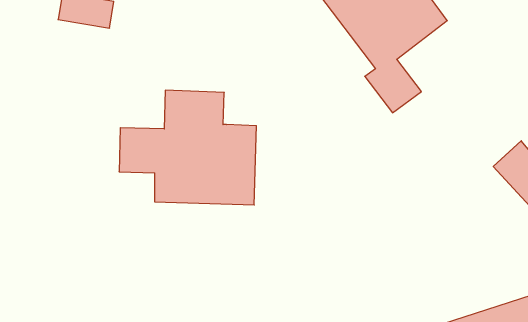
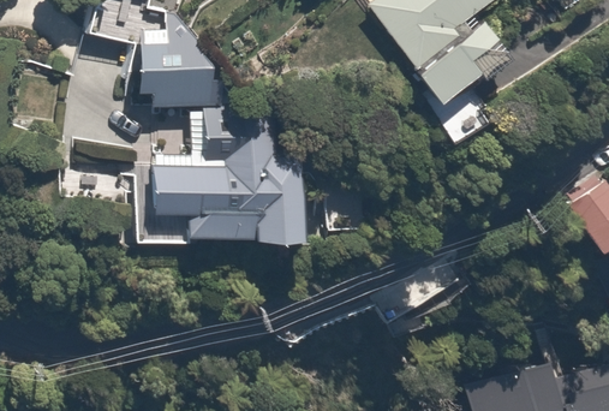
building: none -> [124,41,213,106]

